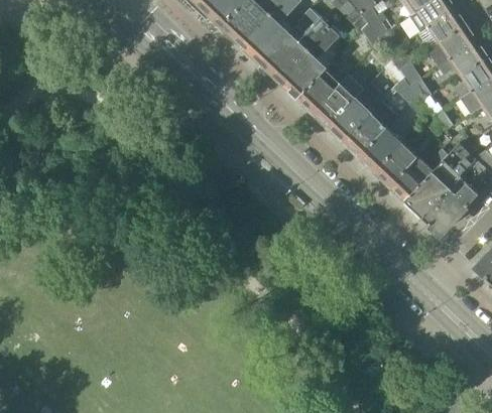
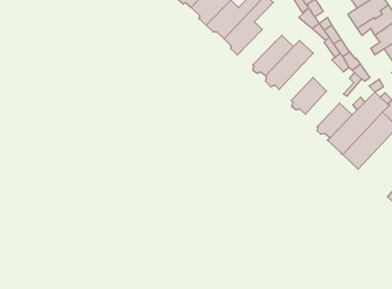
building: [296,62,349,111] -> none
building: [346,113,386,153] -> none
building: [376,142,417,184] -> none

